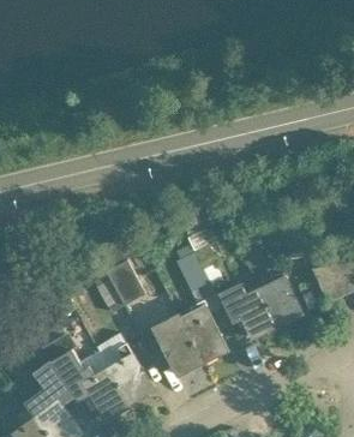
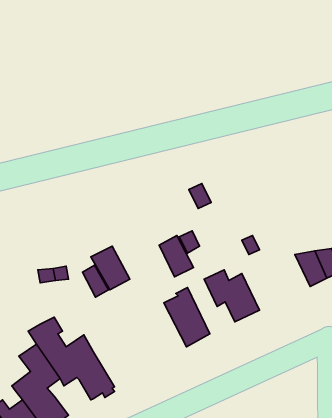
building: [258,276,301,325] -> none
building: [152,315,202,375] -> none
building: [95,333,152,403] -> none

